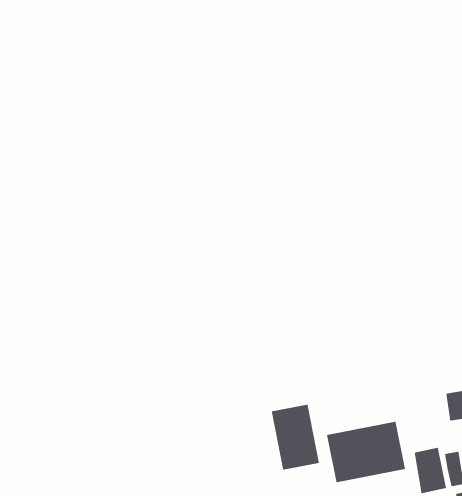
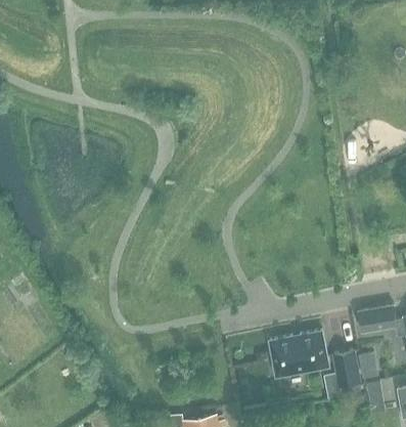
building: [271,404,320,471] -> none

